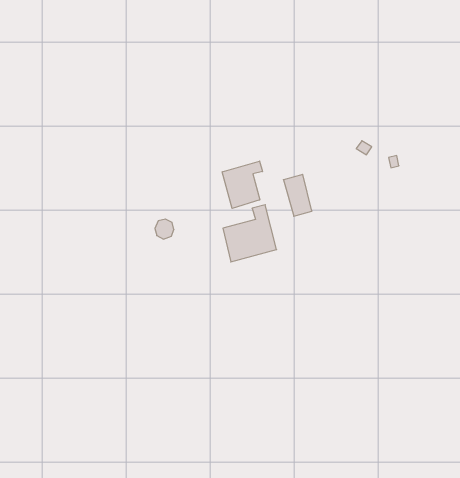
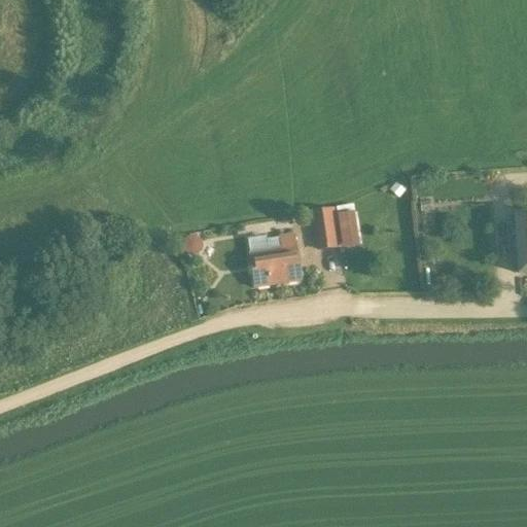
building: [222,161,262,208] -> none

